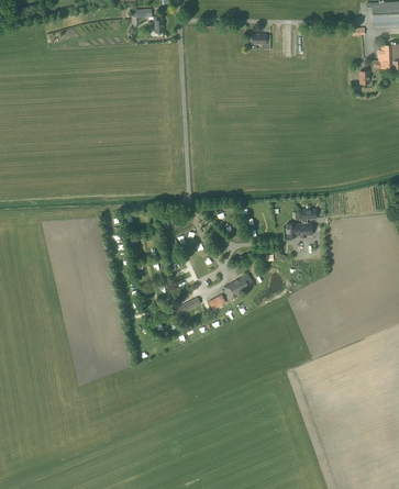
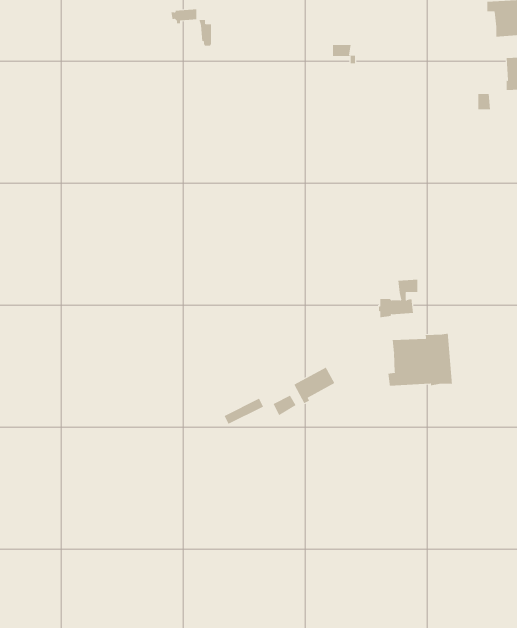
building: none -> [388,333,452,387]

